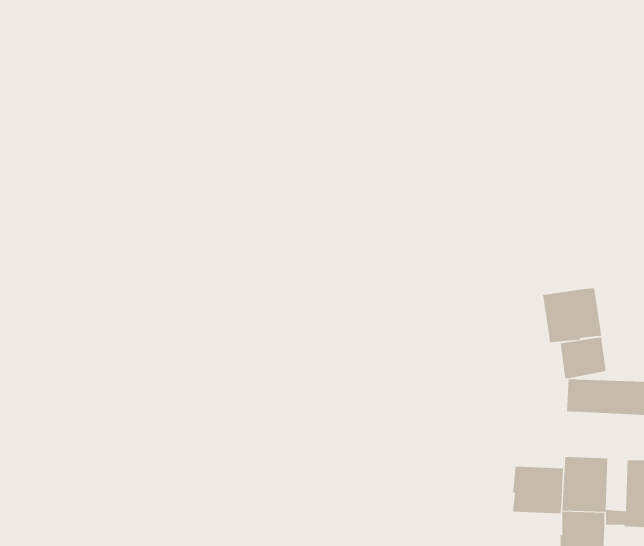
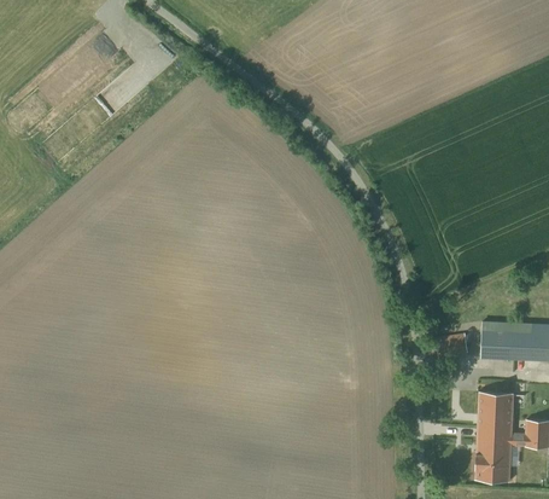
building: [542,287,602,343] -> none
building: [513,466,564,514] -> none

